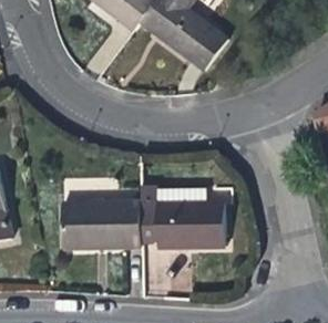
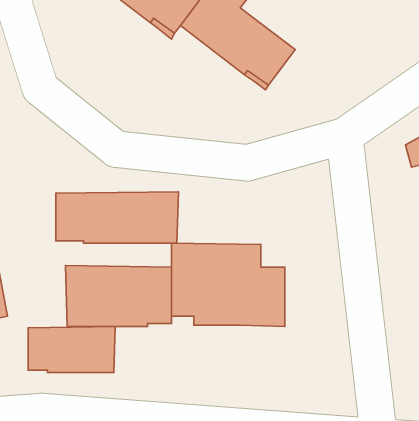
building: none -> [56,192,178,243]
building: none -> [28,327,115,373]

